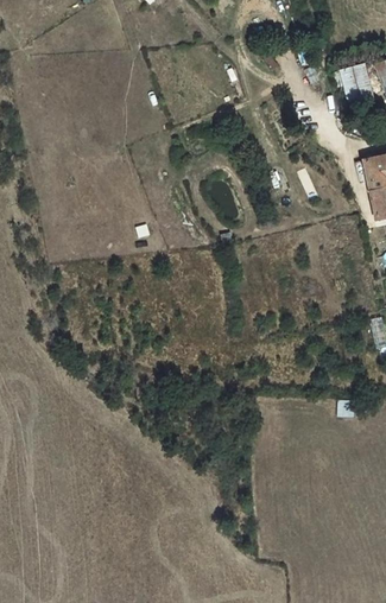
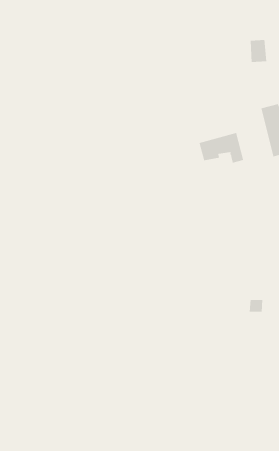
building: none -> [199,132,244,164]

